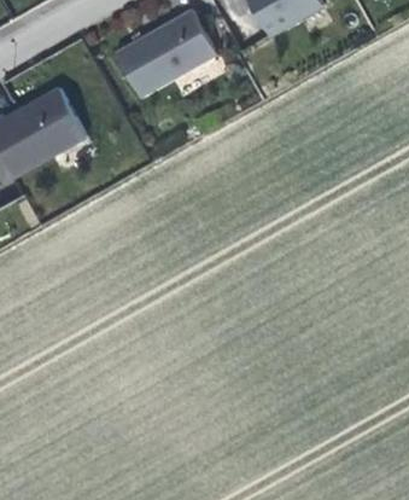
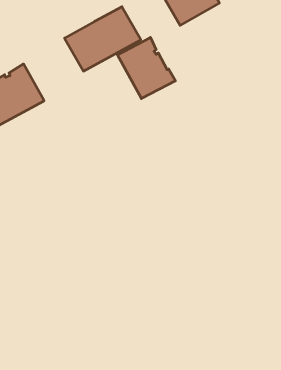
building: none -> [117,37,175,99]

